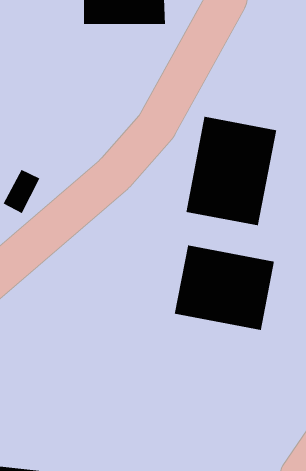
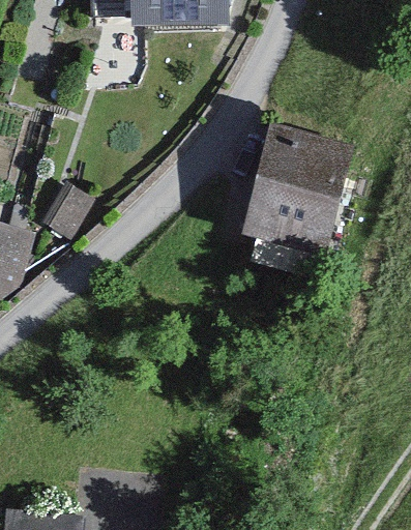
building: [174,245,275,331] -> none

